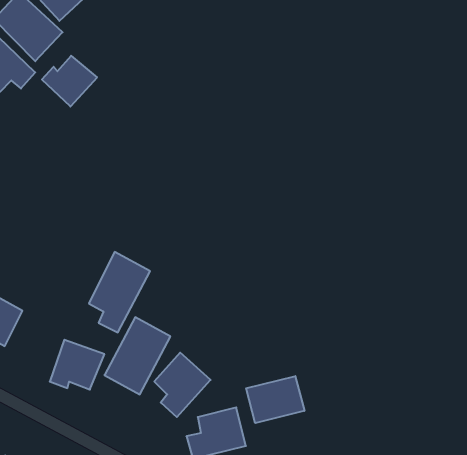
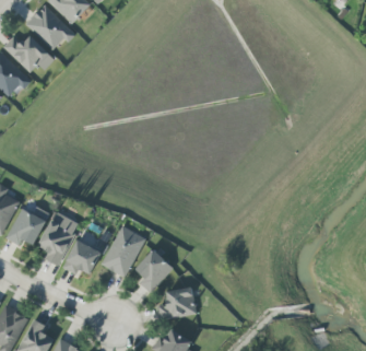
building: [42,56,97,107] -> none
building: [89,252,150,332] -> [38,211,80,266]
building: [246,376,304,423] -> none

